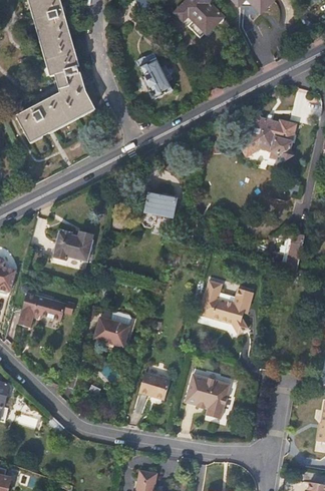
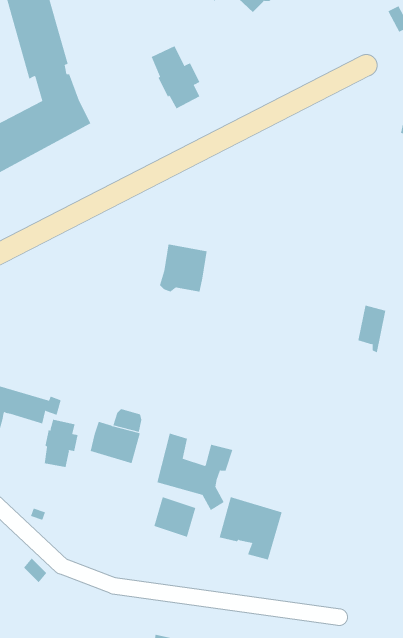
building: [238,115,295,158] -> none
building: [52,227,92,261] -> none
building: [200,279,254,334] -> [157,433,233,511]
building: none -> [44,419,78,468]

